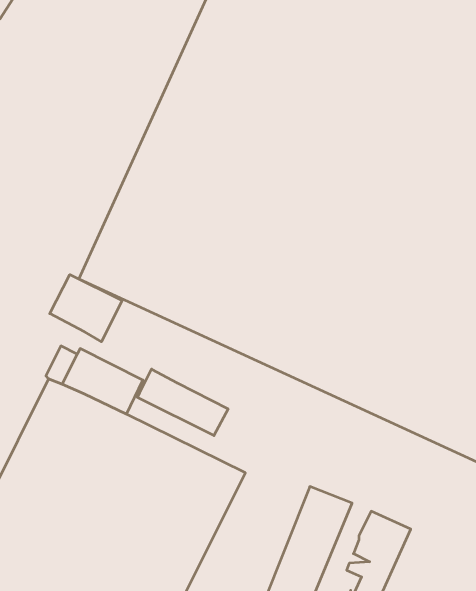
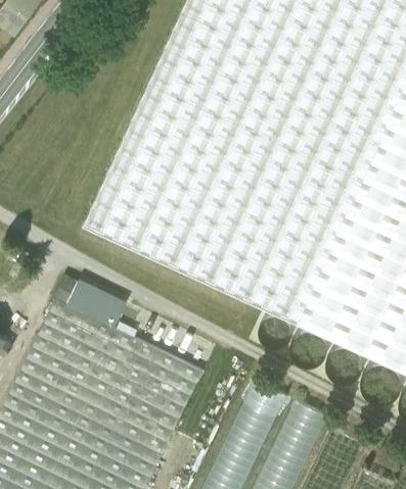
building: [50,275,122,342] -> none
building: [137,369,228,436] -> none

